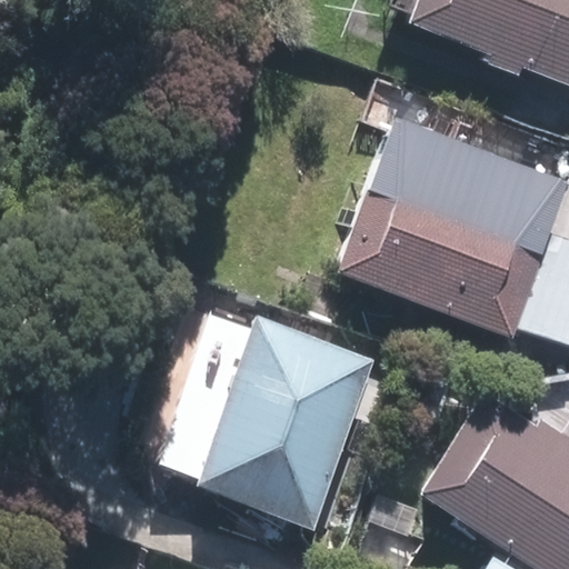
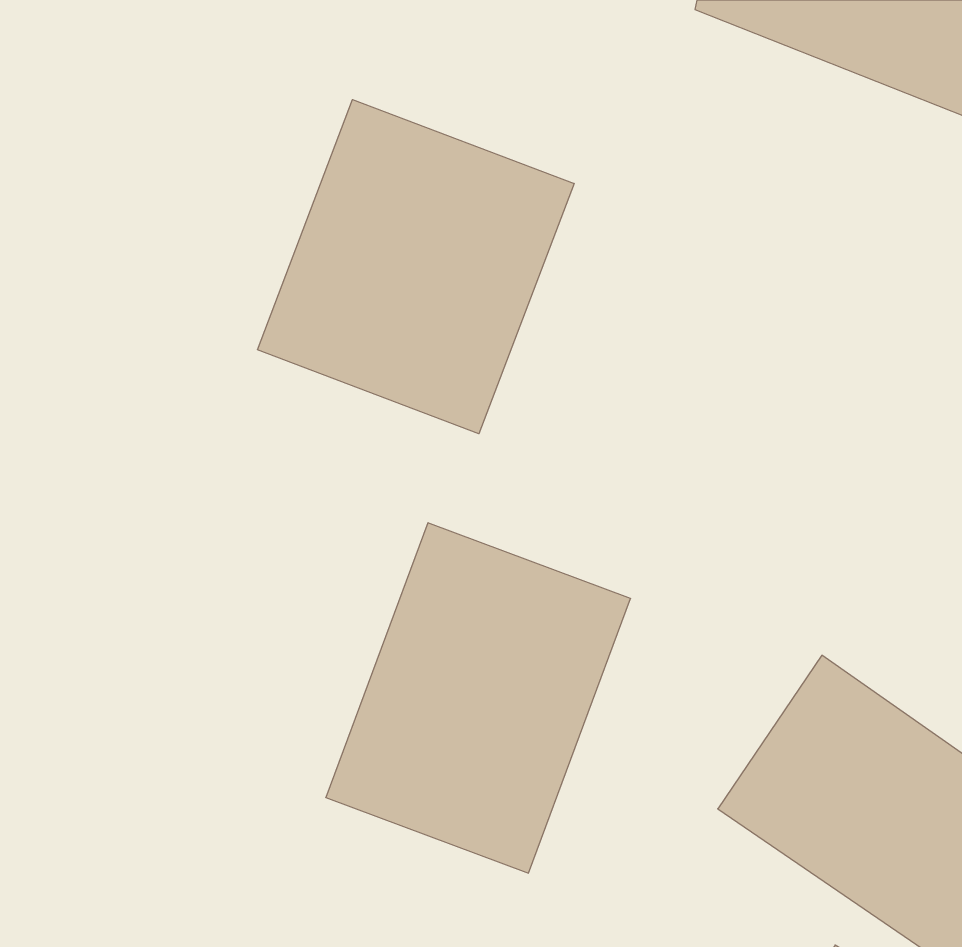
building: none -> [257,100,574,434]
building: [336,159,543,330] -> none

